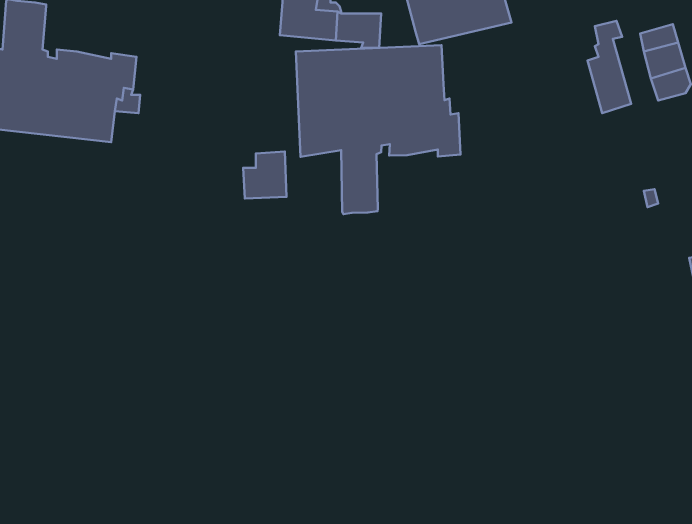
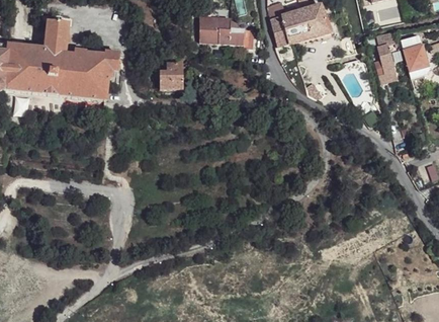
building: [296,45,460,214] -> none
building: [243,152,287,199] -> [159,62,183,88]

